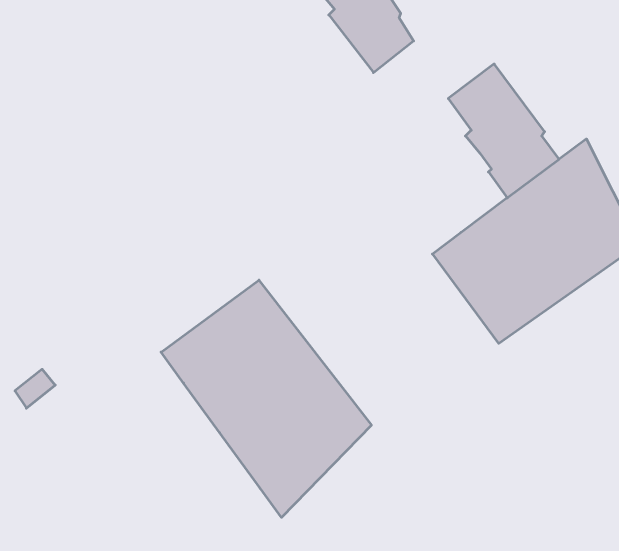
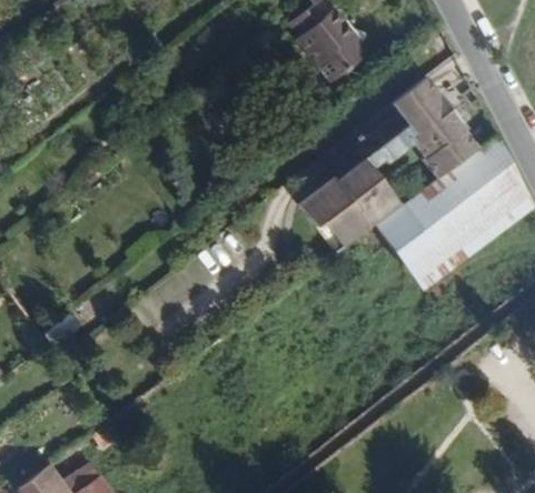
building: none -> [299,131,414,254]
building: [161,280,371,517] -> none

